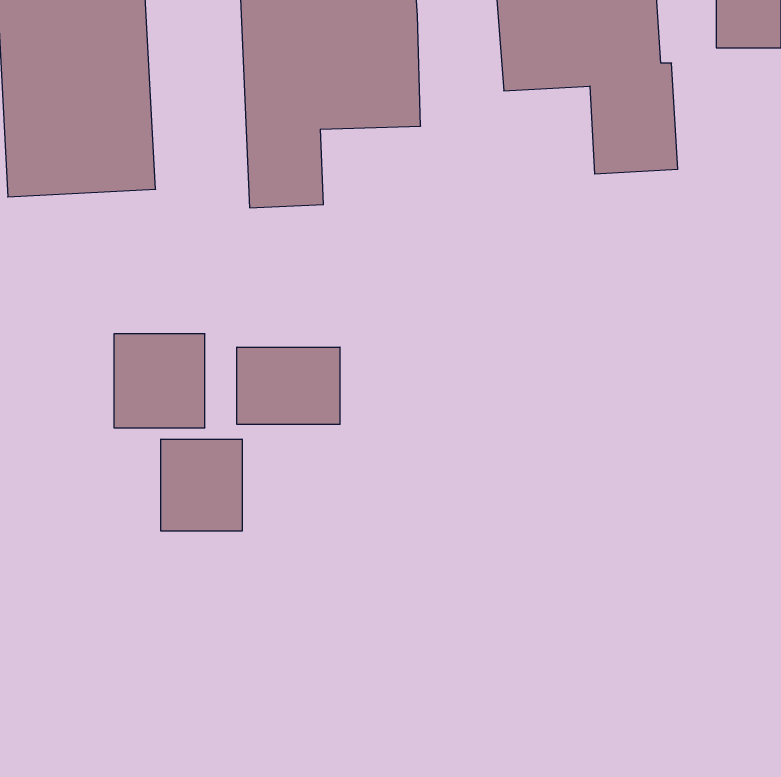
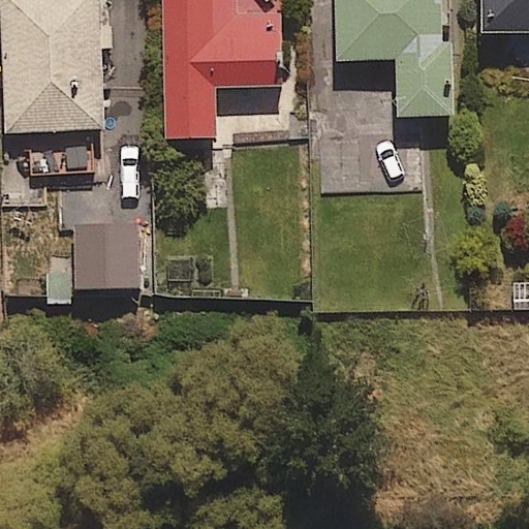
building: [237,347,340,424] -> none
building: [161,439,242,531] -> none

